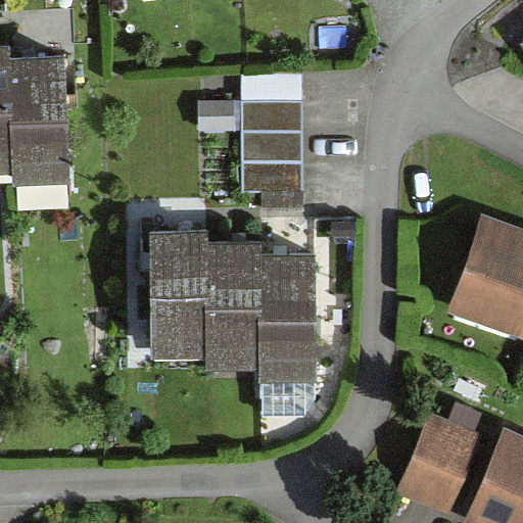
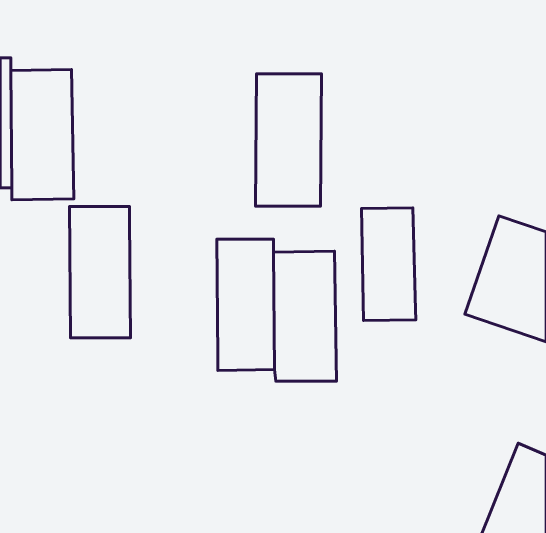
building: none -> [362,208,416,321]
building: [150,228,208,353] -> [70,207,130,338]
building: [393,419,475,514] -> none

